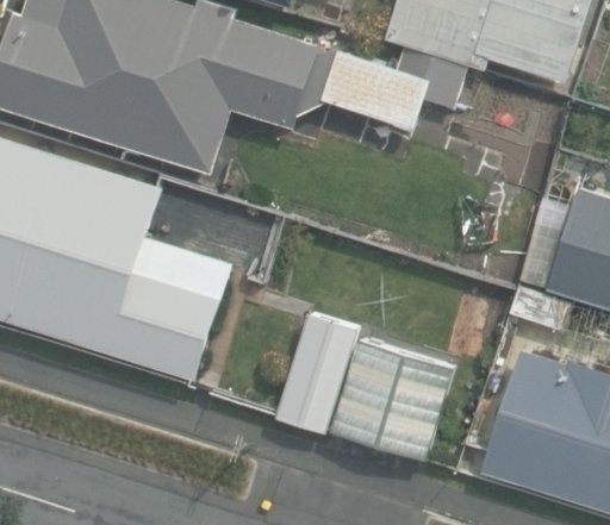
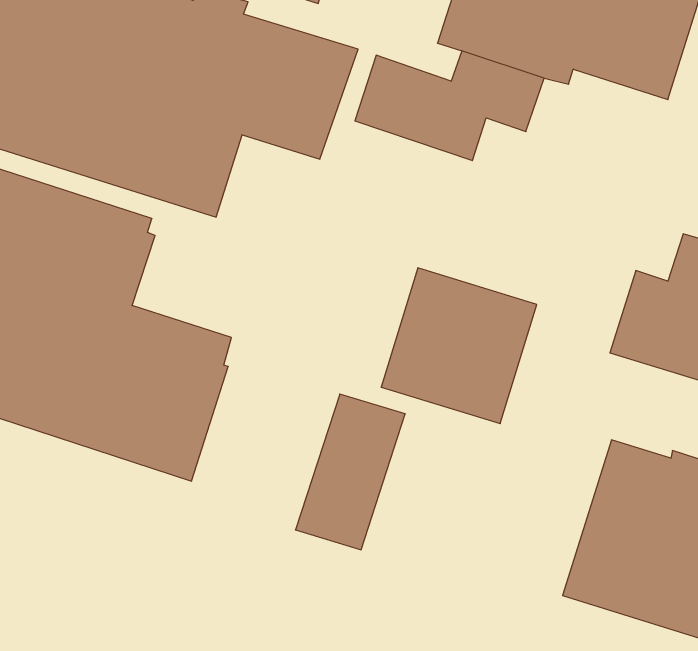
building: [332,339,454,461] -> [381,268,537,424]

